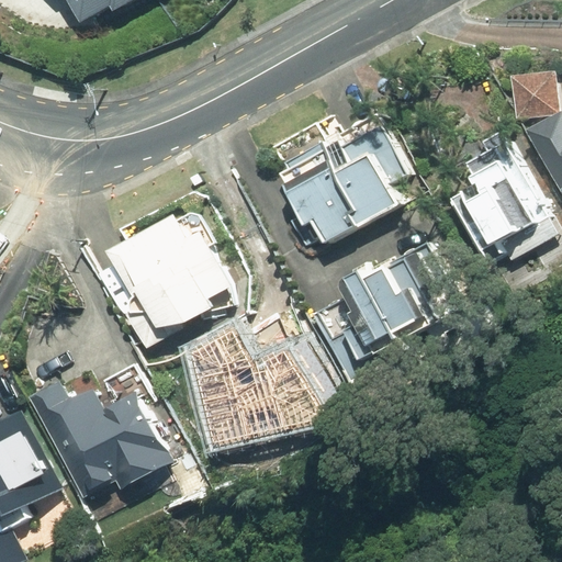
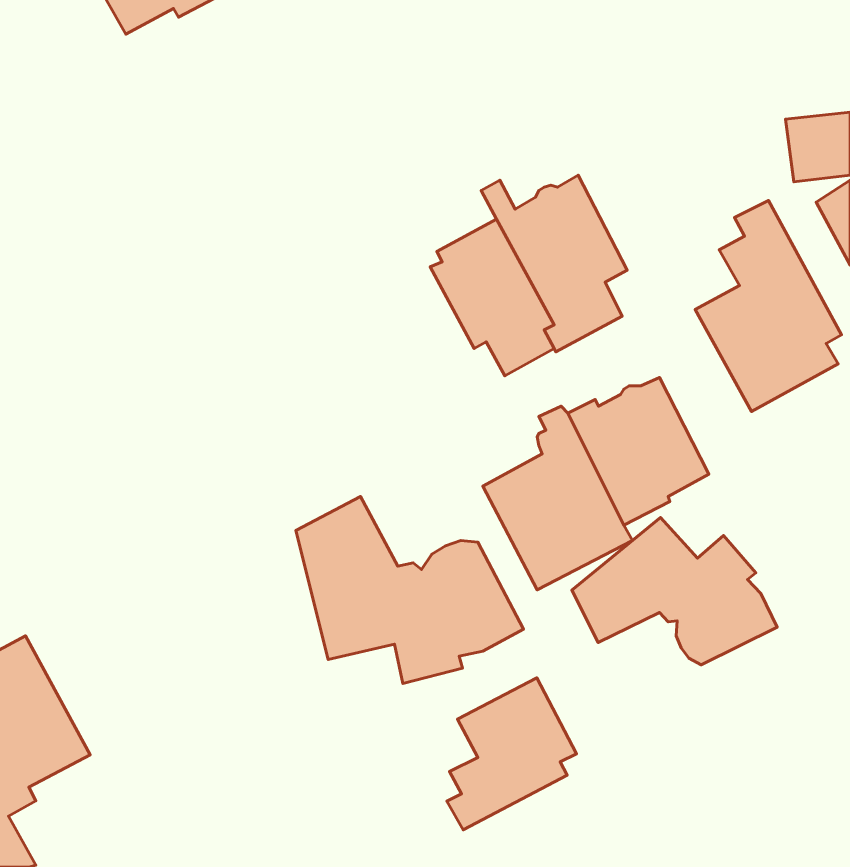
building: [111,213,232,348] -> none
building: none -> [572,518,777,665]
building: [26,367,169,497] -> none
building: none -> [447,678,577,830]

